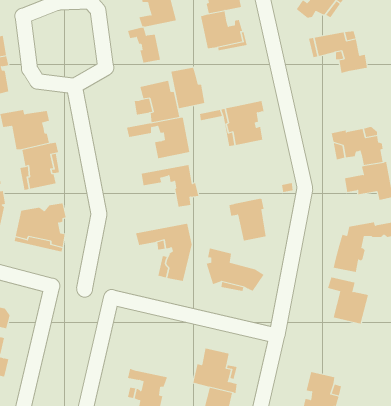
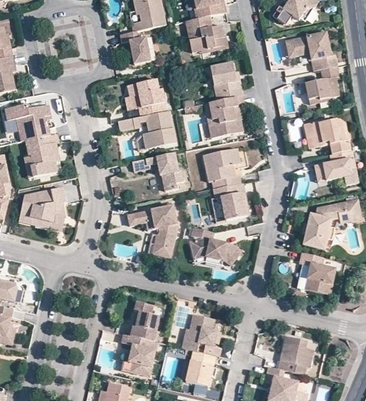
building: [170,67,205,109] -> [210,64,241,101]
building: none -> [303,67,338,104]
building: none -> [204,148,240,188]
building: none -> [129,302,159,342]

